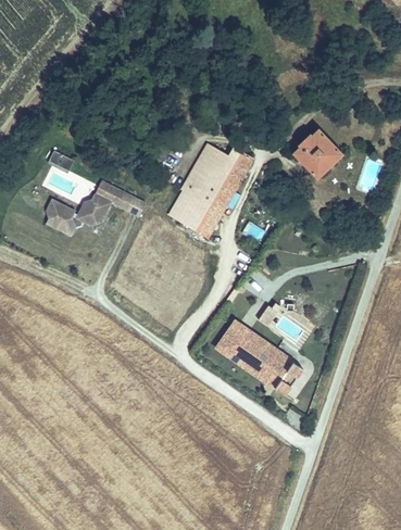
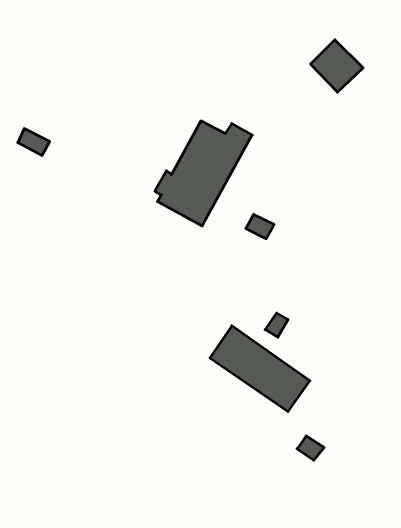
building: [293,131,338,176] -> [311,40,363,92]
building: [46,179,145,235] -> none

